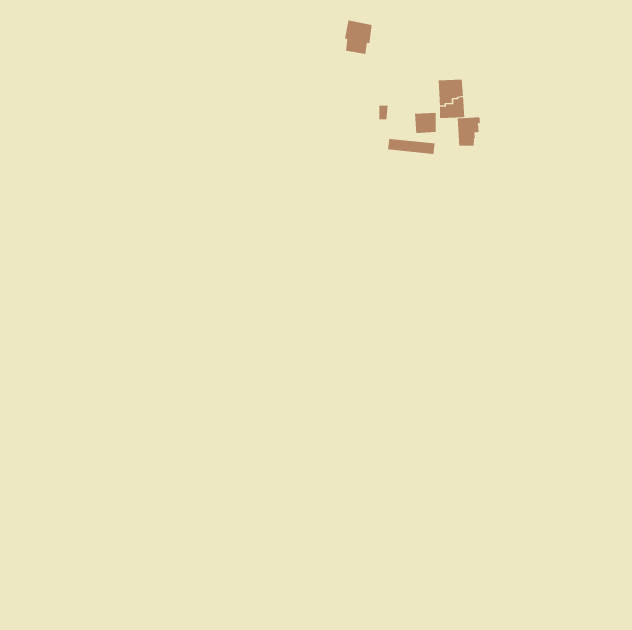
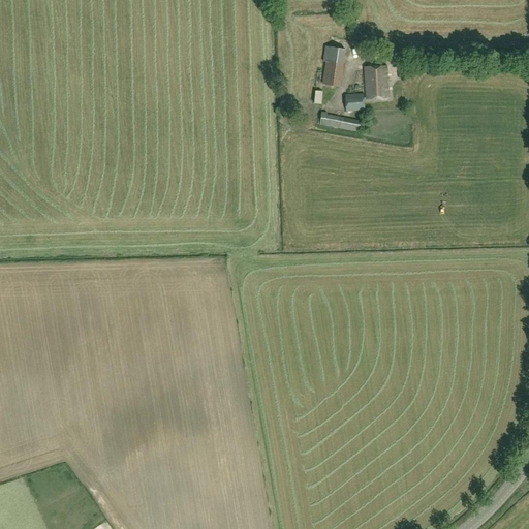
building: [344,20,373,54] -> [322,45,346,74]
building: [457,116,481,147] -> none

